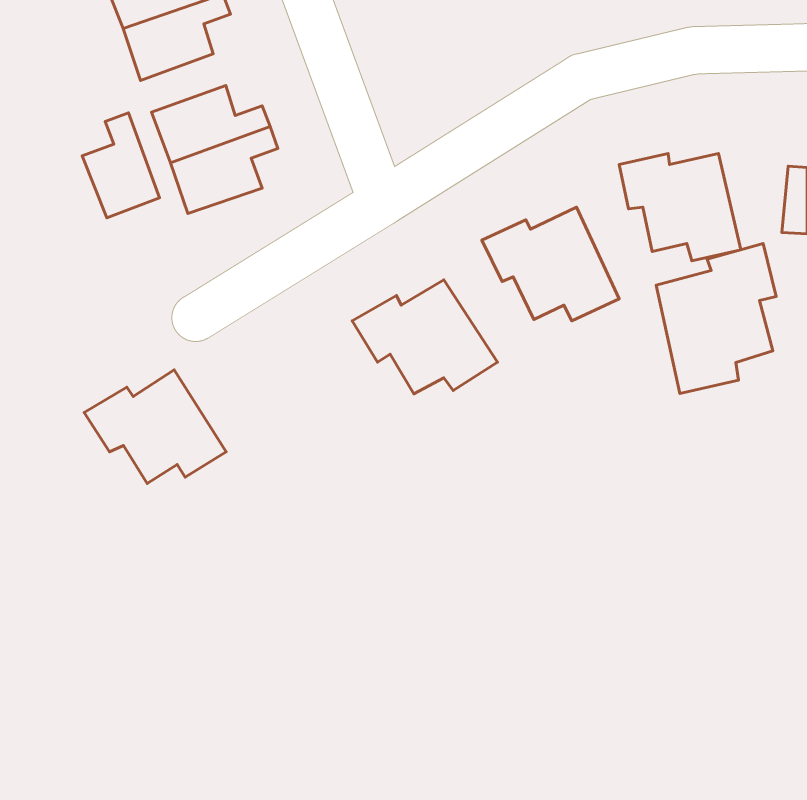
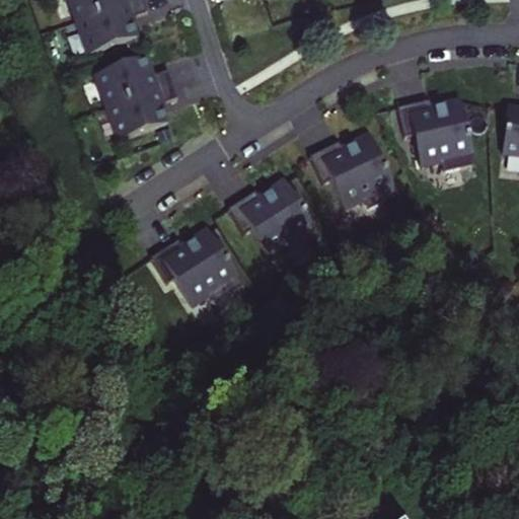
building: [82,113,160,218] -> none
building: [656,243,776,394] -> none
building: [84,370,226,484] -> [149,229,240,302]

